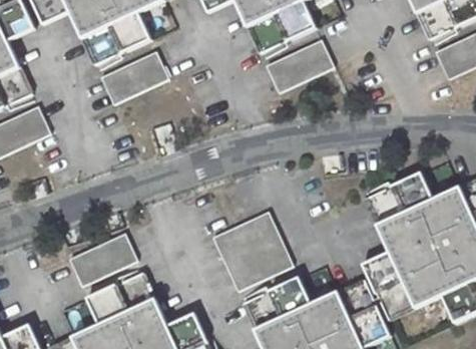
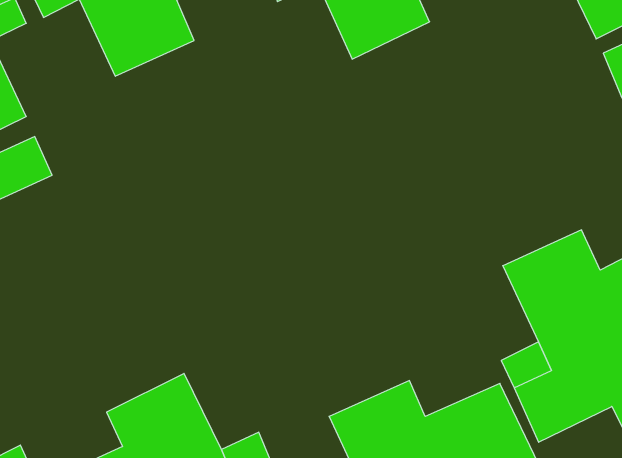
building: [266,39,334,93] -> none
building: [100,52,168,104] -> none
building: [212,212,293,290] -> none
building: [69,233,136,286] -> none

